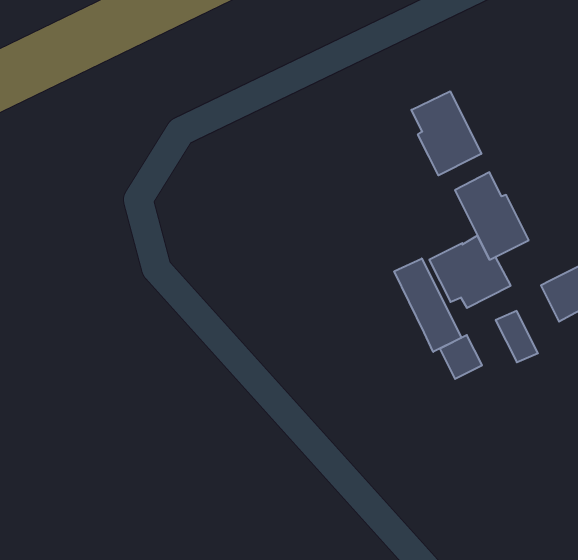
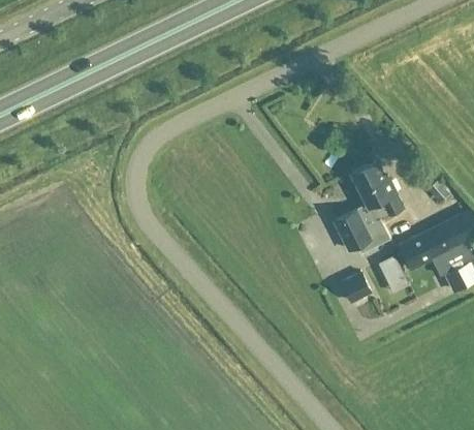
building: [411,91,481,175] -> none
building: [394,258,461,352] -> none

